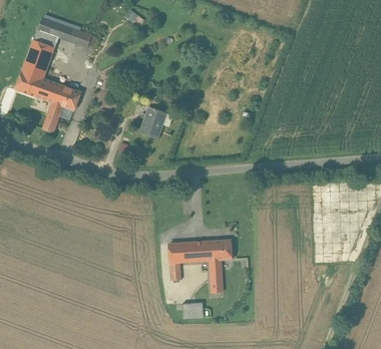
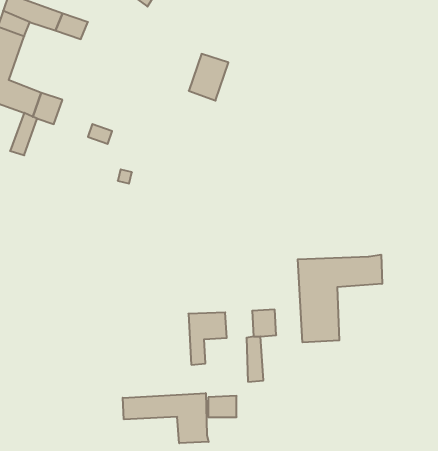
building: [138,106,166,139] -> [189,54,228,101]
building: none -> [298,255,382,342]
building: [195,242,215,261] -> none
building: none -> [123,393,209,443]

